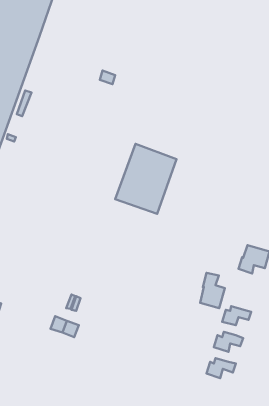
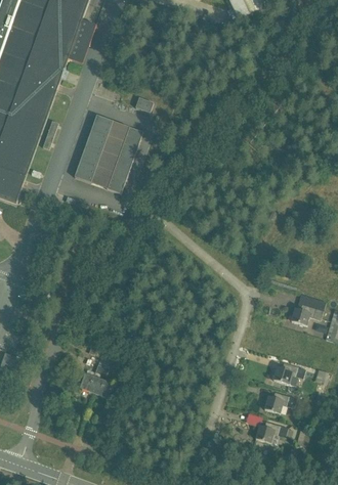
building: [115,144,176,214] -> [73,114,141,192]
building: [200,273,225,308] -> none

